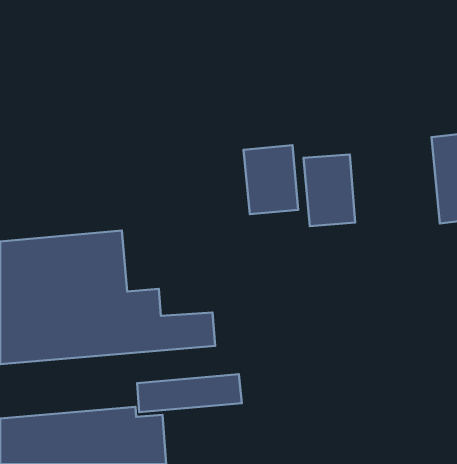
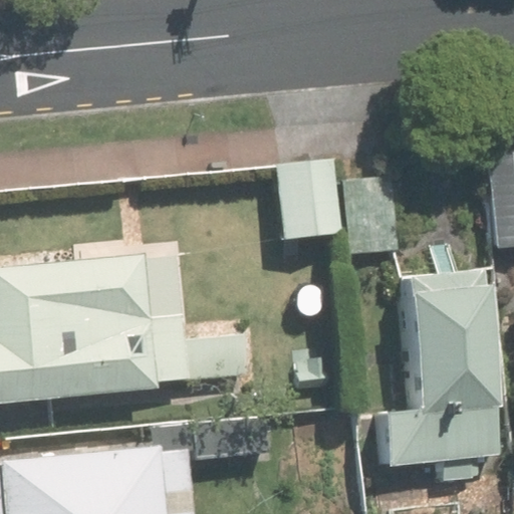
building: none -> [377,261,500,462]

